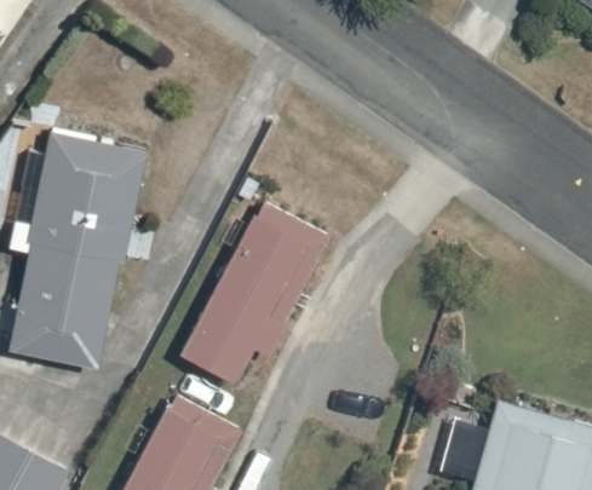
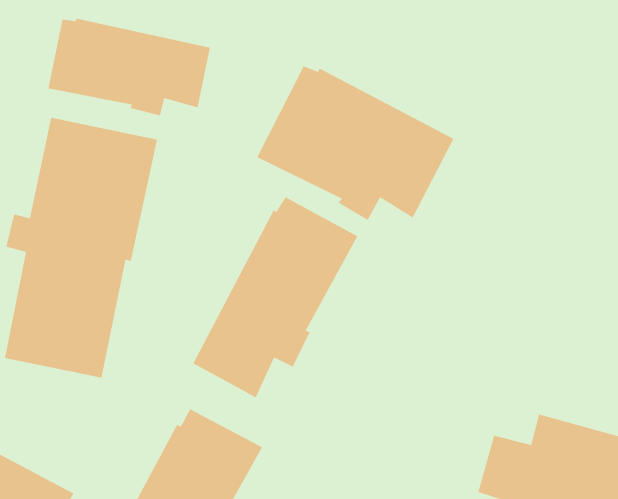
building: none -> [48,18,210,116]
building: none -> [257,66,454,221]

